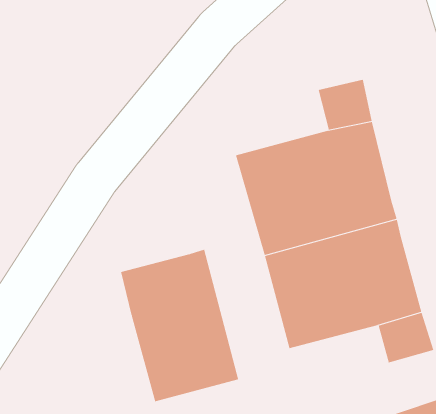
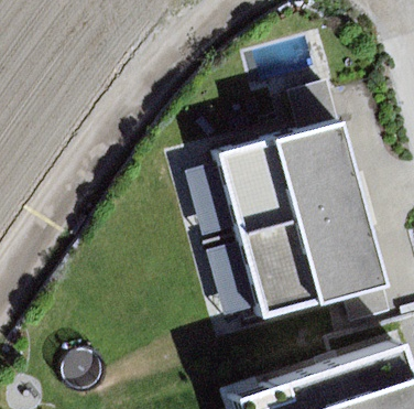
building: [121,249,239,402] -> none

